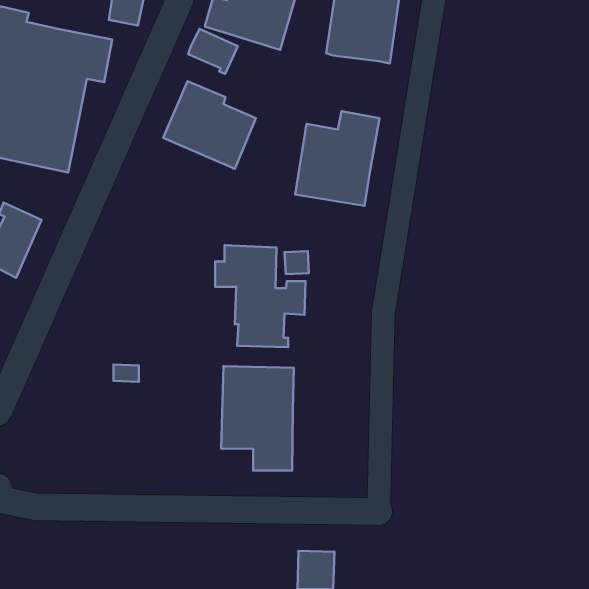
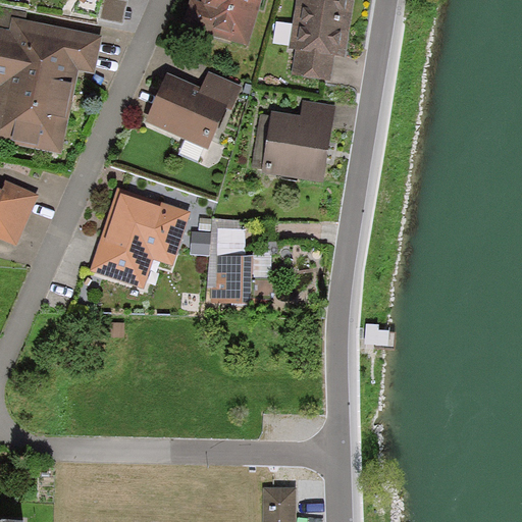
building: [188,29,238,74] -> [197,69,241,109]
building: none -> [290,49,333,80]
building: none -> [89,193,190,288]
building: [221,366,294,471] -> none

